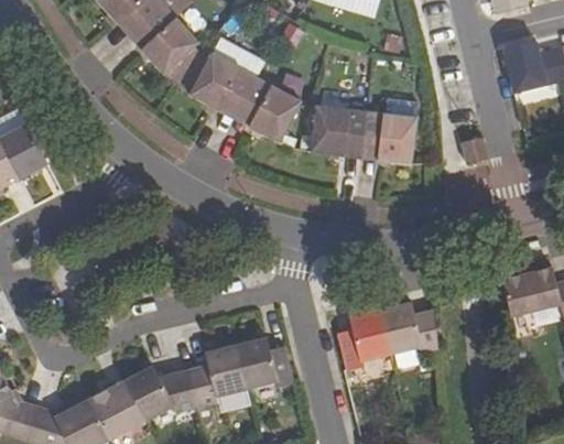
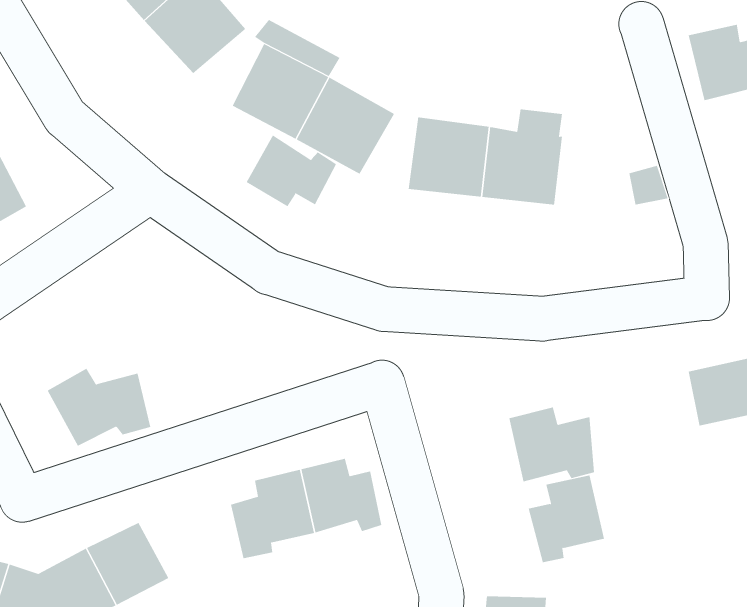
building: none -> [246,135,337,207]
building: [336,310,389,370] -> [528,475,605,563]
building: [124,366,196,420] -> [47,368,151,446]

